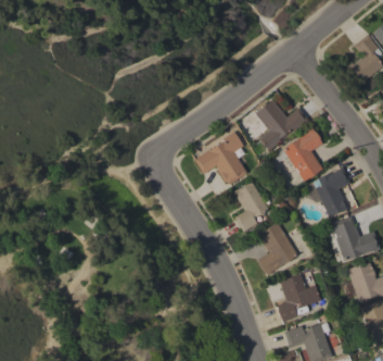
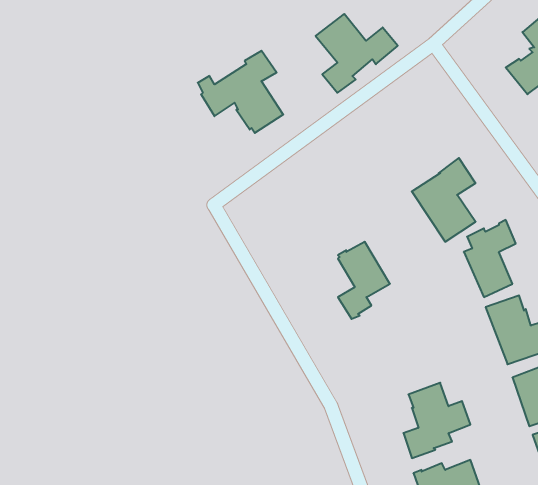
building: [256,99,309,150] -> [316,14,398,93]
building: [193,132,248,185] -> [198,51,283,133]
building: [258,222,298,275] -> none

